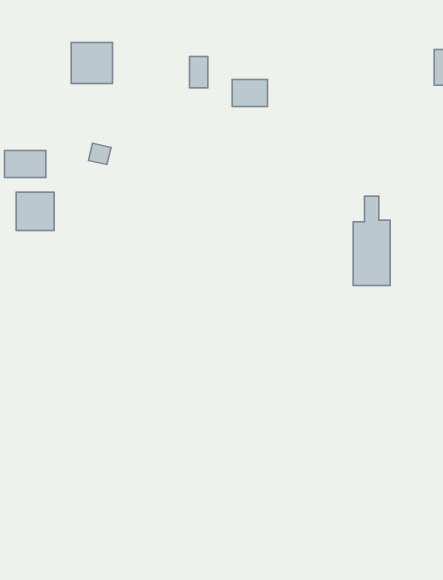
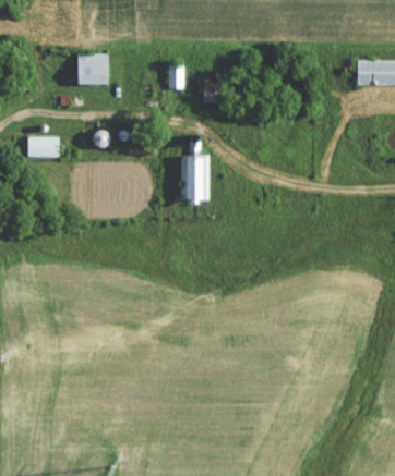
building: [16,192,54,230] -> none
building: [353,196,390,286] -> [180,136,208,205]

